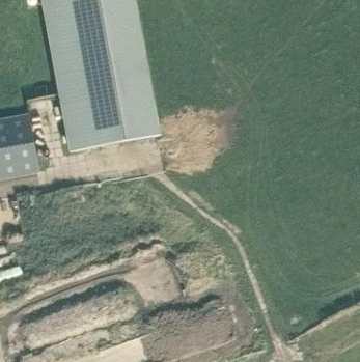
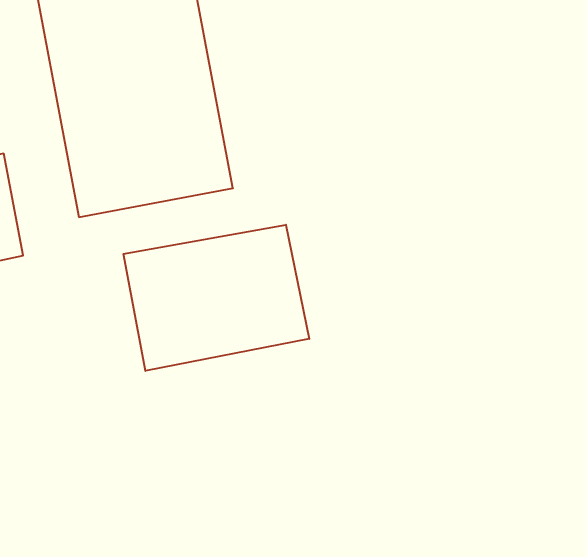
building: none -> [123,225,309,371]

